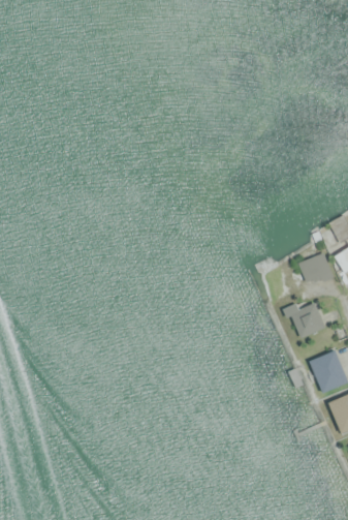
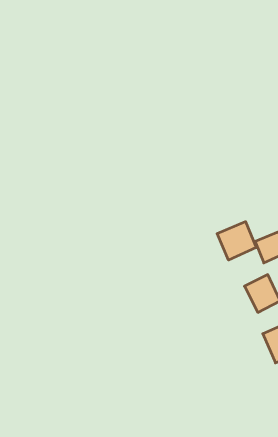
building: none -> [217,222,256,260]

